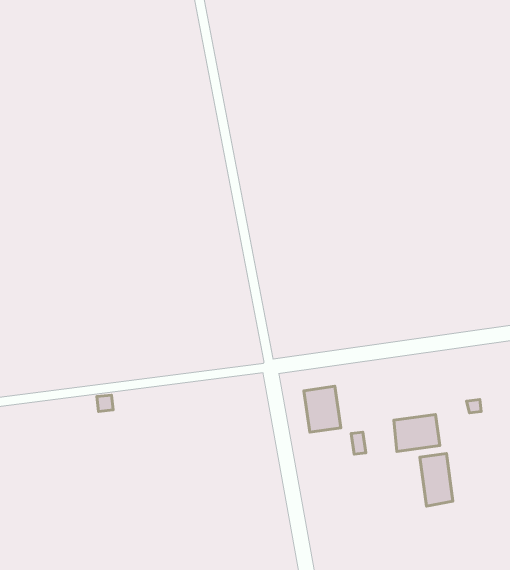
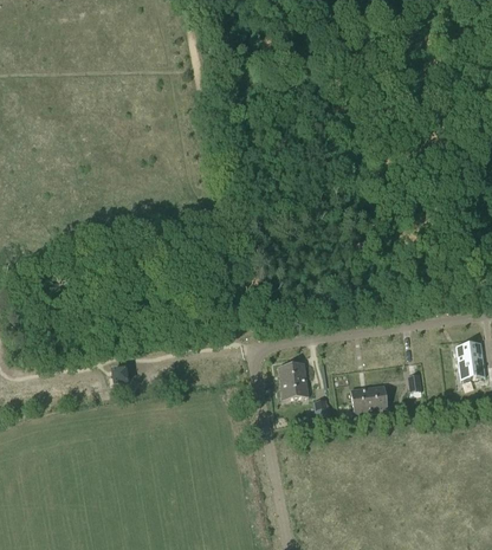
building: [420,454,453,506] -> none

